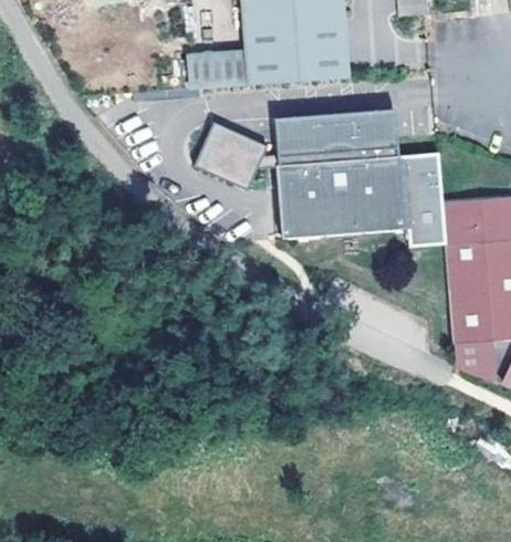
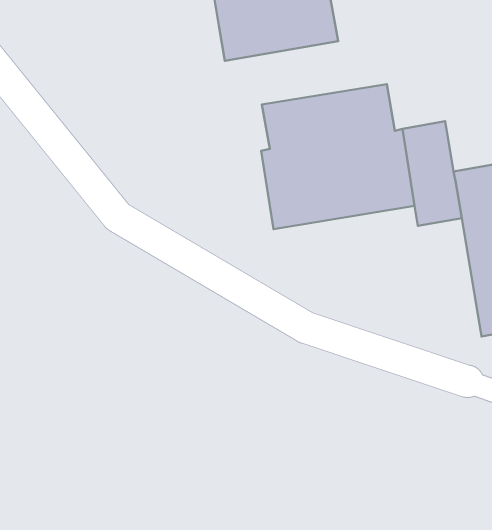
building: [192,53,251,88] -> none
building: [272,110,399,165] -> none
building: [194,122,265,190] -> none

